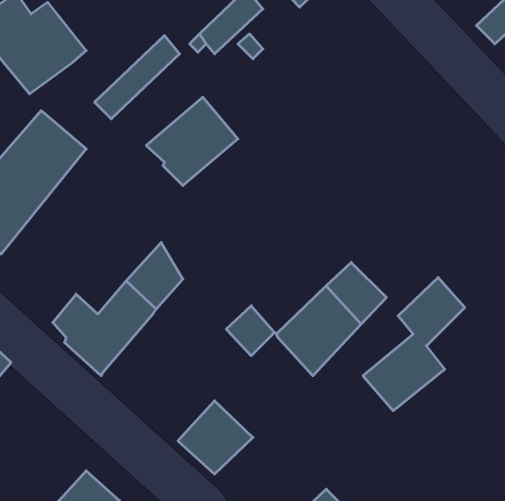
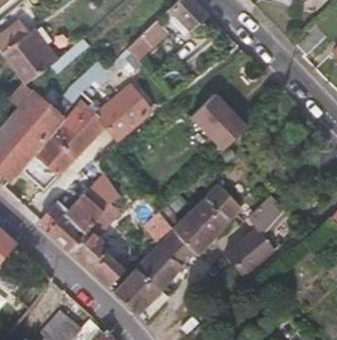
building: none -> [192,86,248,143]
building: none -> [21,100,107,191]
building: none -> [70,217,125,288]
building: none -> [137,231,197,291]

